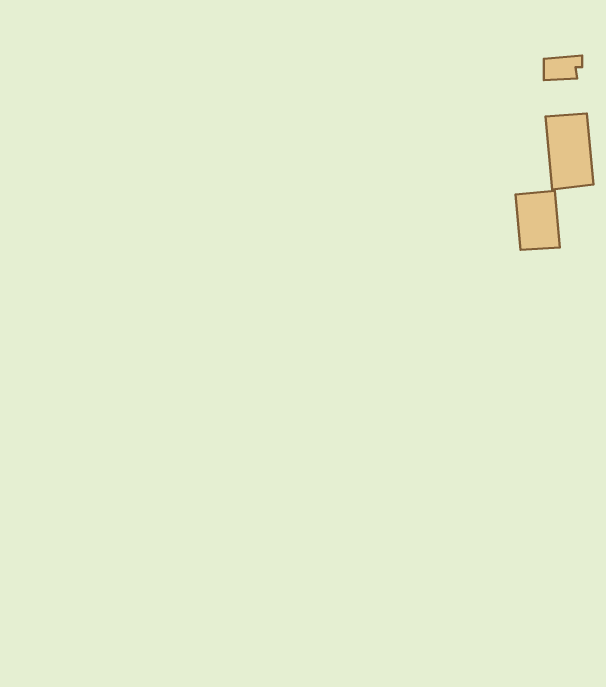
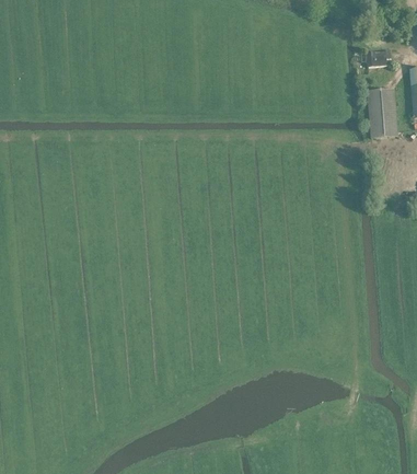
building: [516,191,560,250] -> none

